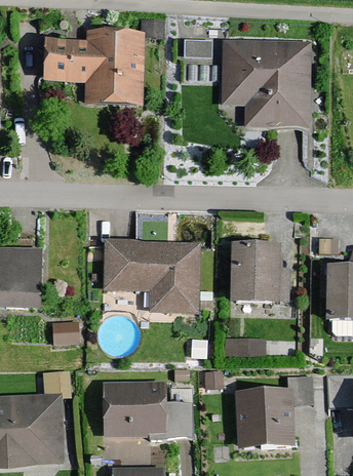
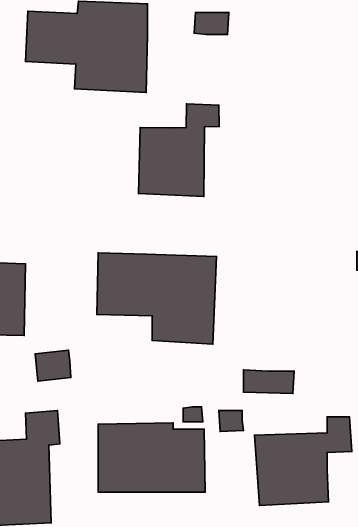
building: [221,38,313,127] -> none
building: none -> [139,104,219,196]
building: [231,242,290,302] -> none

